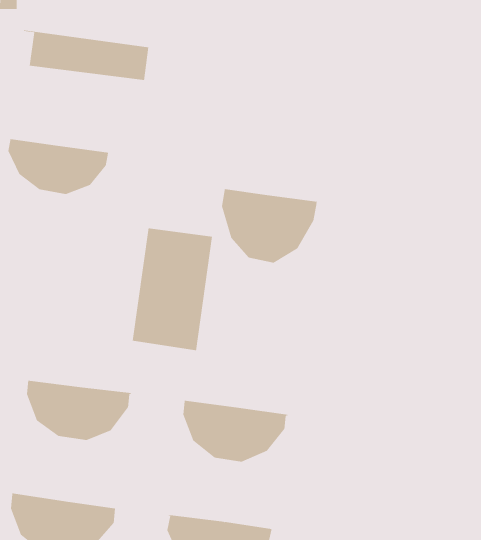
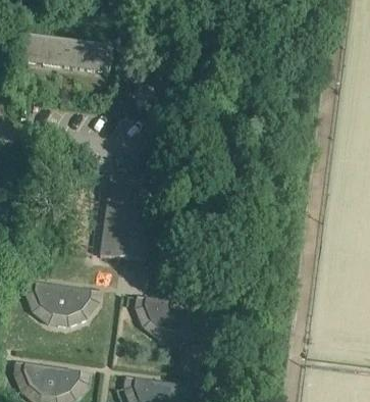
building: [8,138,109,195] -> none
building: [221,188,318,263] -> none

